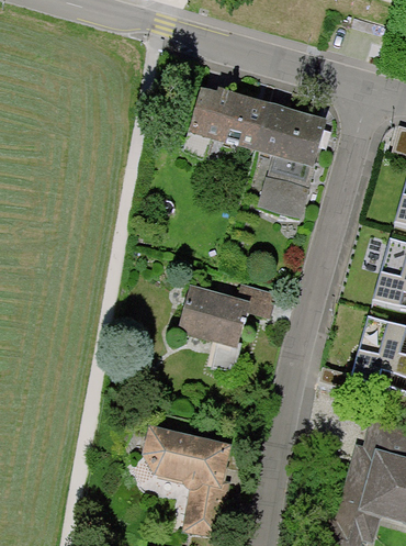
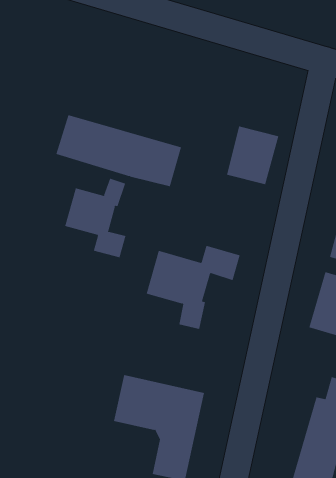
building: [195,88,331,166] -> [56,115,182,187]
building: none -> [65,178,126,258]

